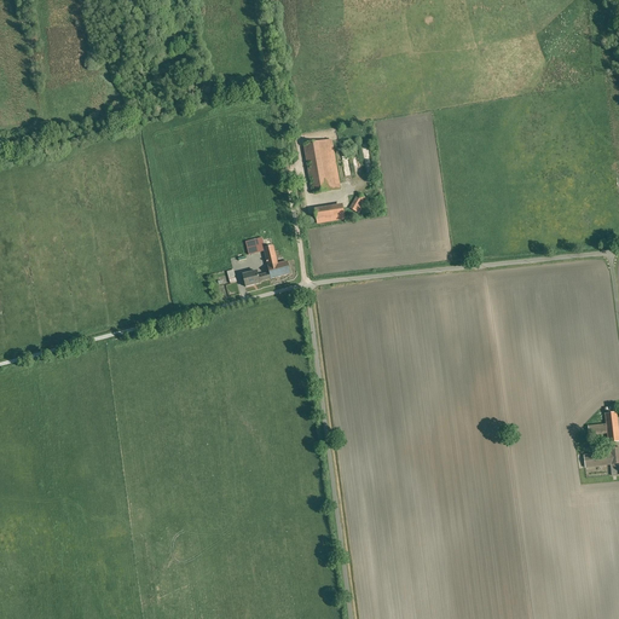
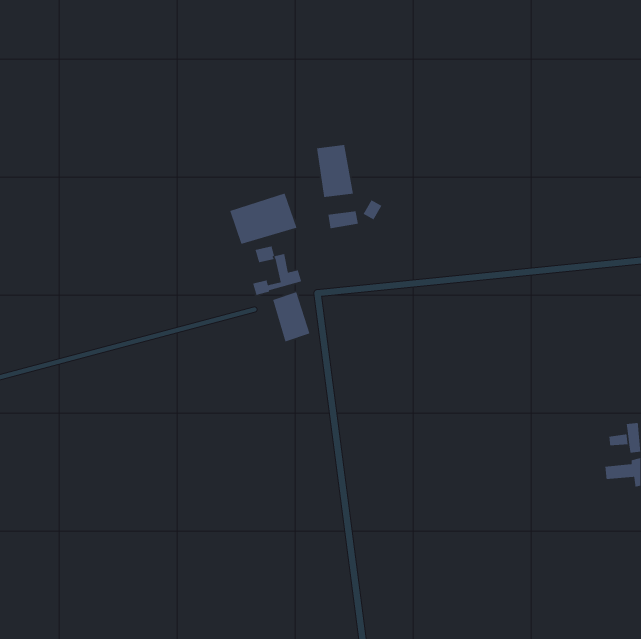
building: none -> [229,193,297,245]
building: none -> [272,291,310,343]

